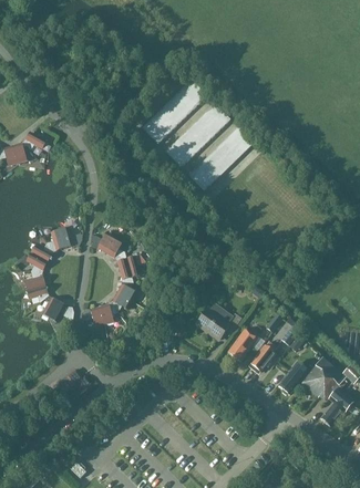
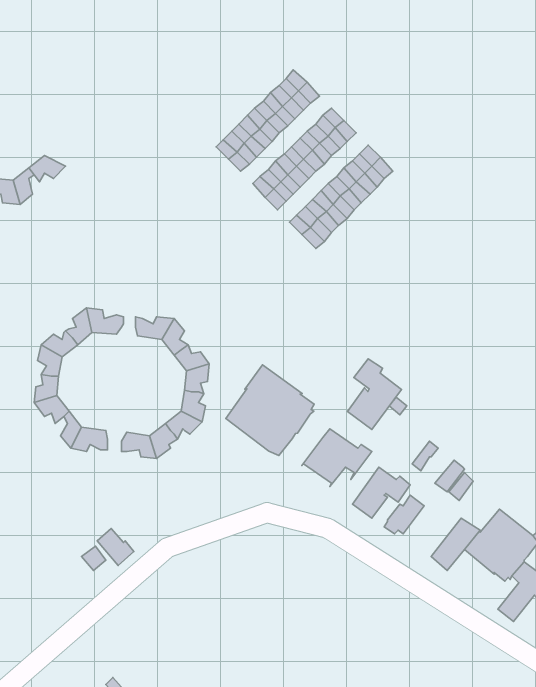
building: none -> [348,359,402,429]
building: none -> [226,365,314,455]

